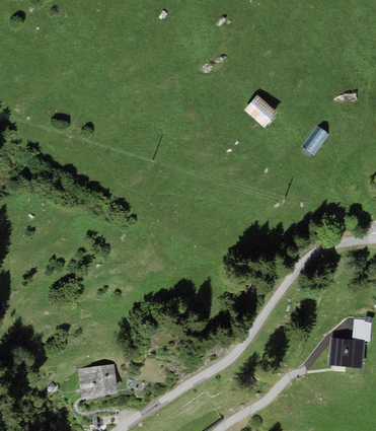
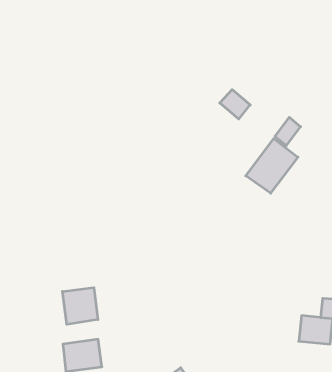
building: none -> [246,139,298,193]
building: none -> [62,288,98,324]

